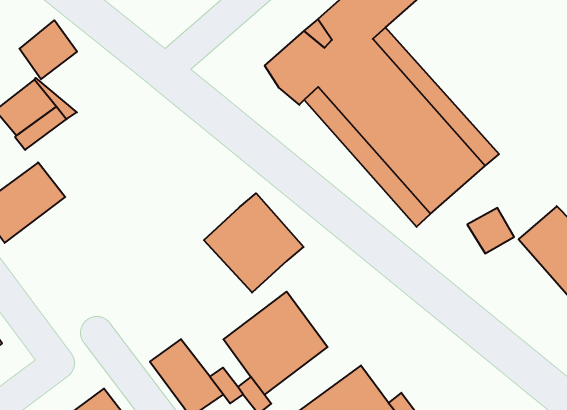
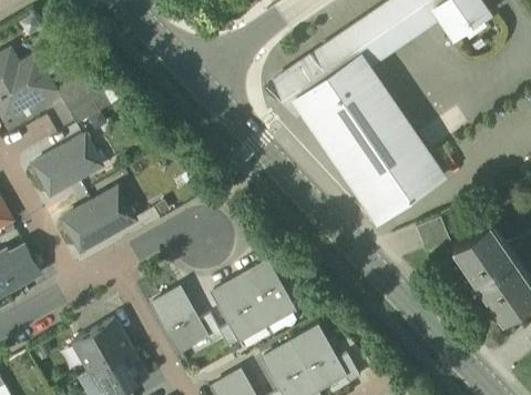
building: [19,20,77,79] -> none
building: [204,193,304,293] -> none
building: none -> [63,188,134,250]

